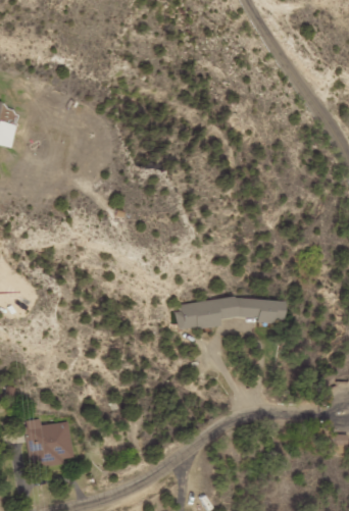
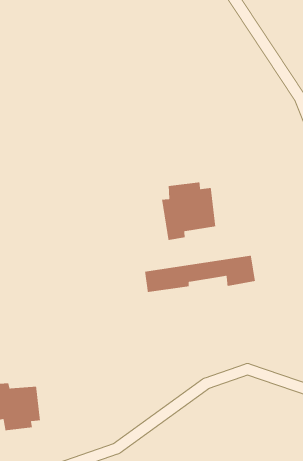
building: none -> [161,181,216,241]

